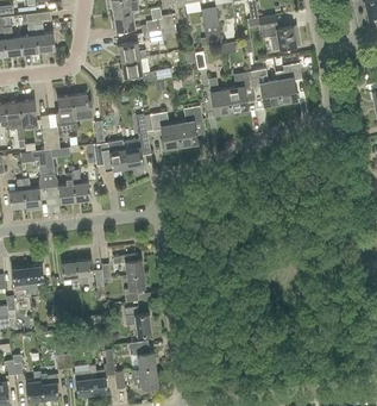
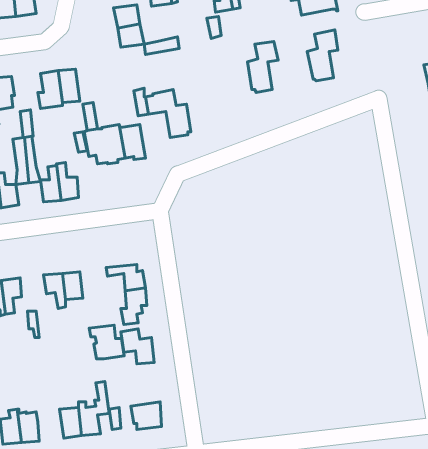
building: [249,68,281,107] -> none
building: [208,76,231,115] -> none
building: [177,105,202,146] -> none
building: [127,341,156,368] -> [89,325,124,359]

